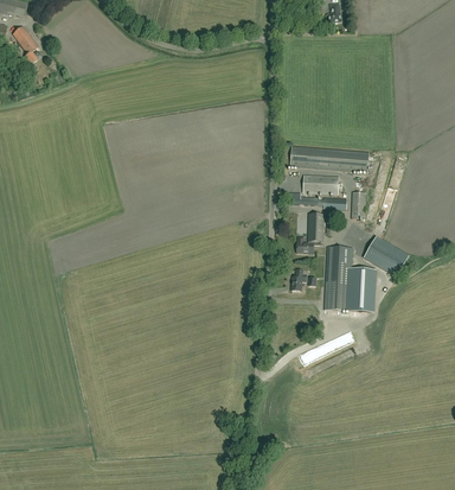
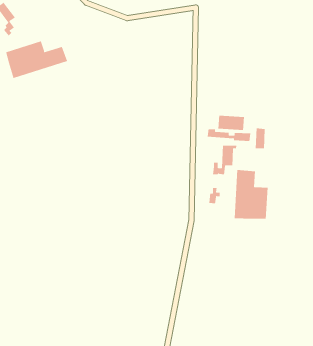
building: none -> [6,41,68,79]
building: [290,145,370,171] -> none
building: [364,235,410,275] -> none

